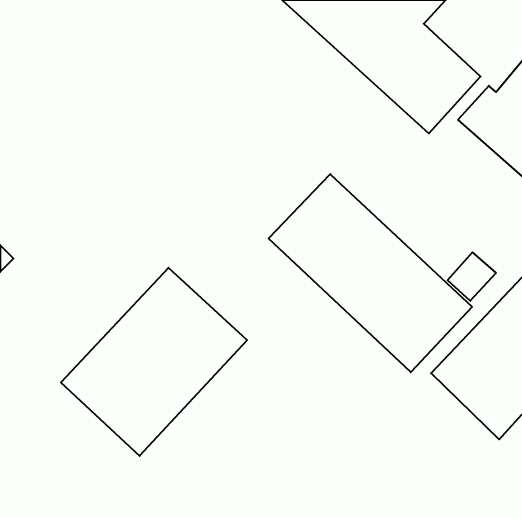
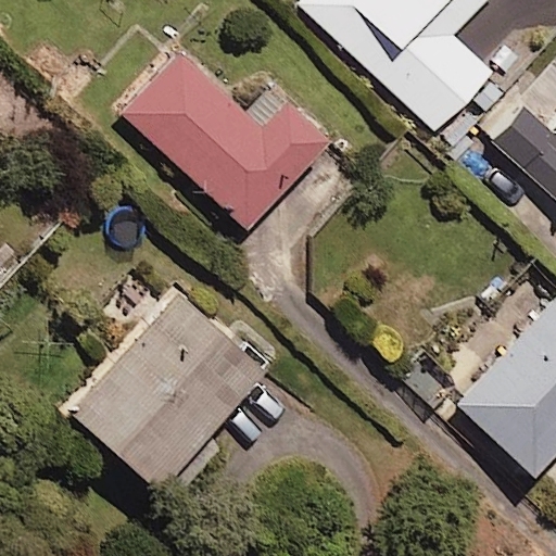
building: none -> [124,53,342,226]
building: [269,174,472,372] -> none

